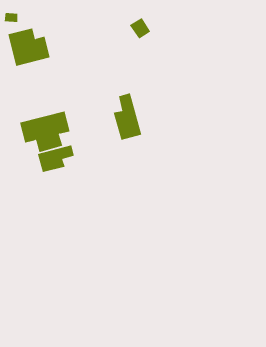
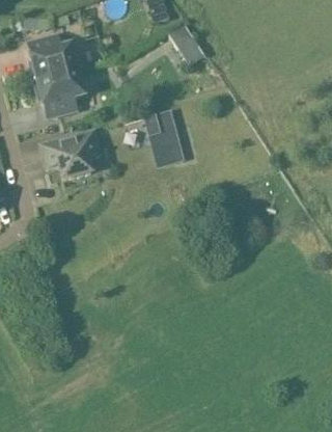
building: none -> [36,69,83,116]
building: [37,144,75,173] -> none

